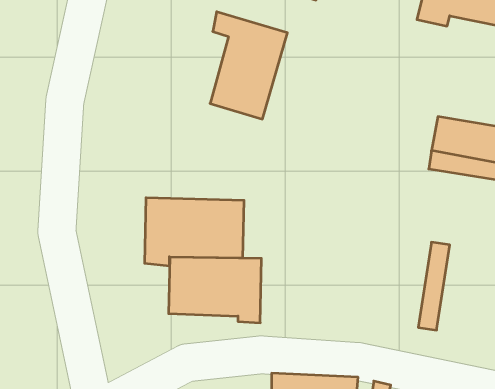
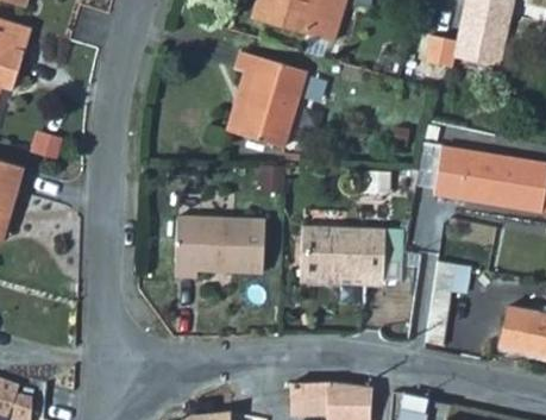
building: [169,257,261,323] -> [302,227,387,287]

